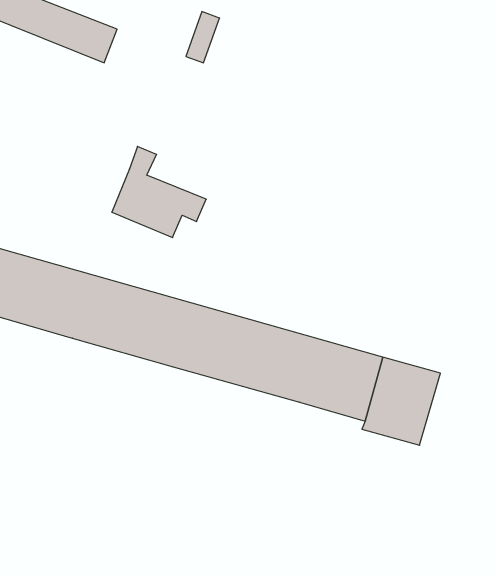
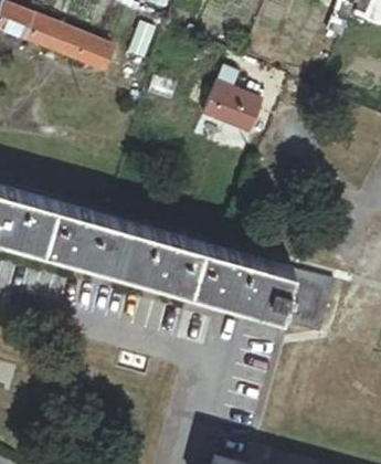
building: [112,146,206,238] -> [203,72,268,135]

